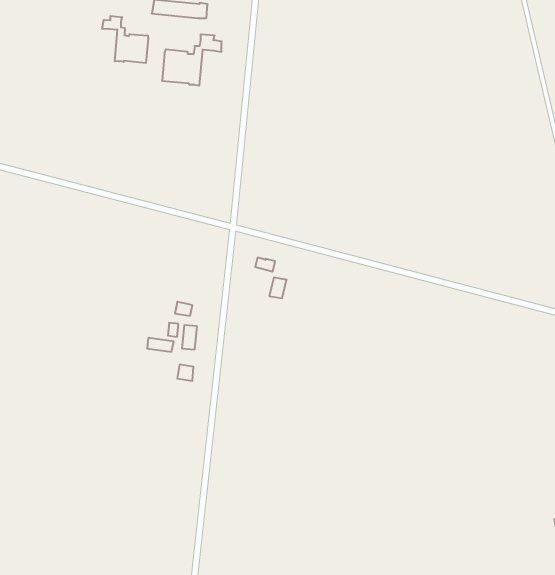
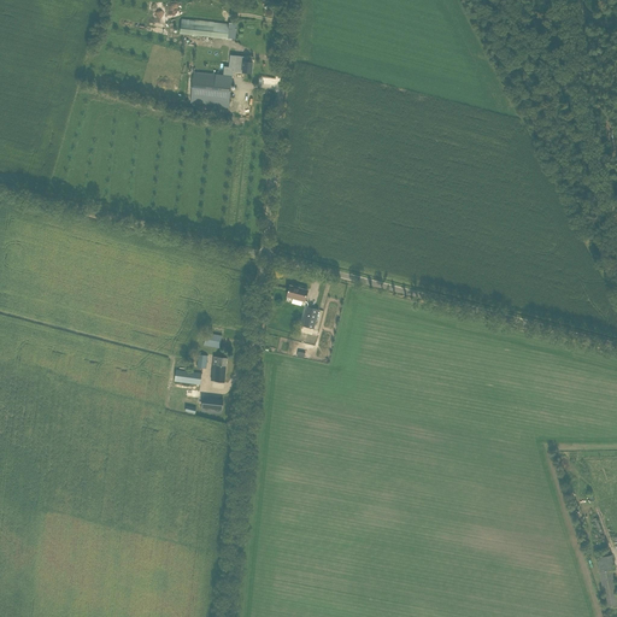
building: [102,16,148,63] -> none

